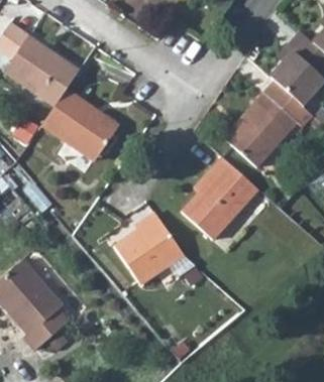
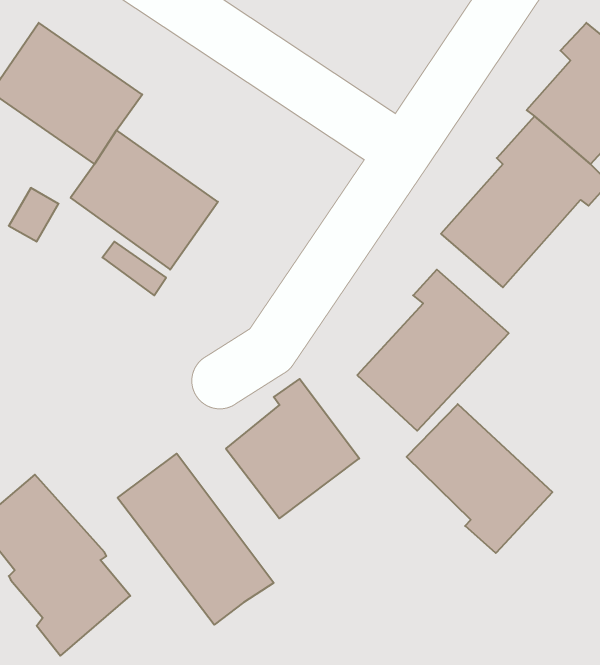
building: none -> [407,404,552,553]
building: none -> [118,454,274,625]

